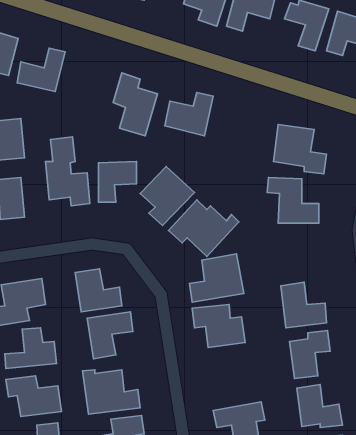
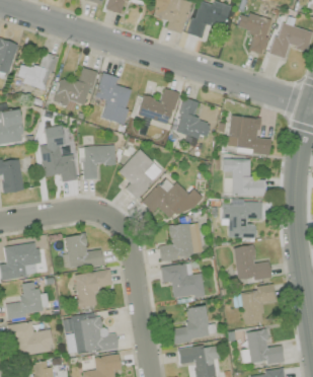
building: none -> [54,67,98,107]
building: none -> [177,98,211,138]
building: none -> [222,203,263,238]
building: none -> [173,305,217,341]

